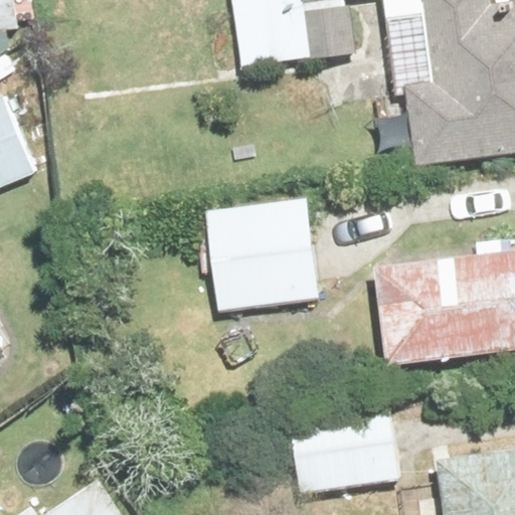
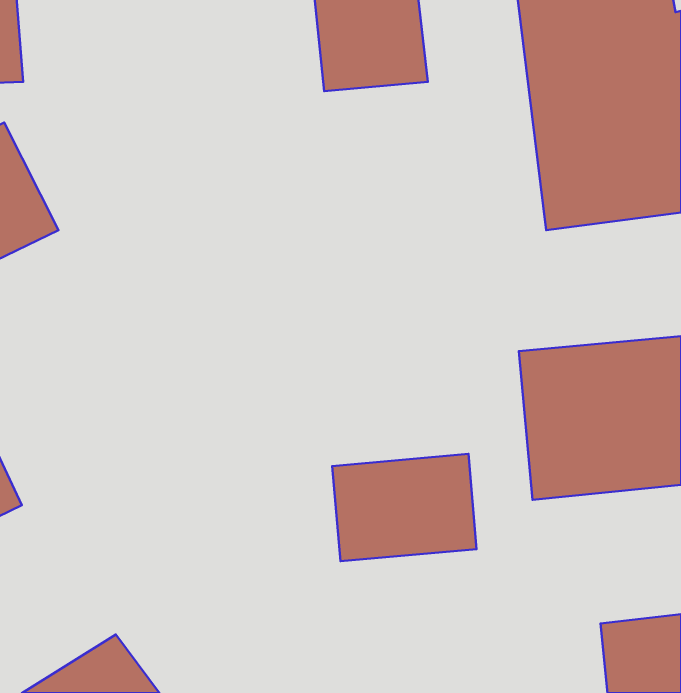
building: [210,197,316,310] -> none
building: [296,410,402,490] -> [332,454,477,561]

